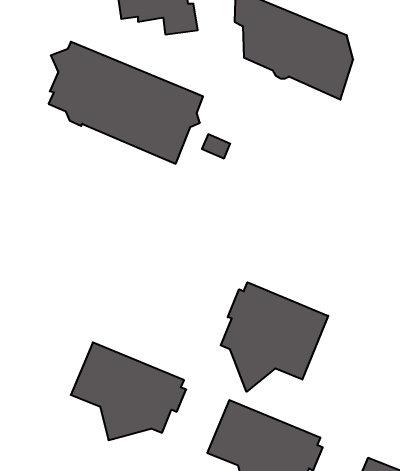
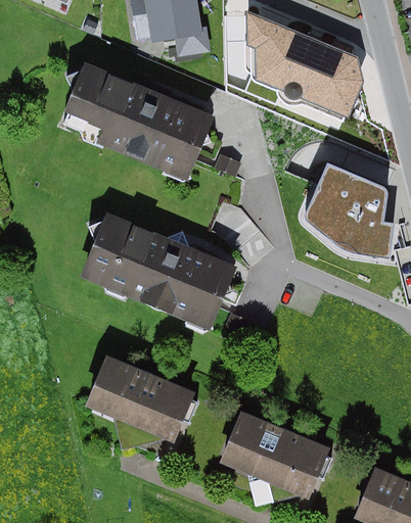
building: none -> [300,156,394,255]
building: none -> [80,211,237,330]
building: [221,282,328,392] -> none

